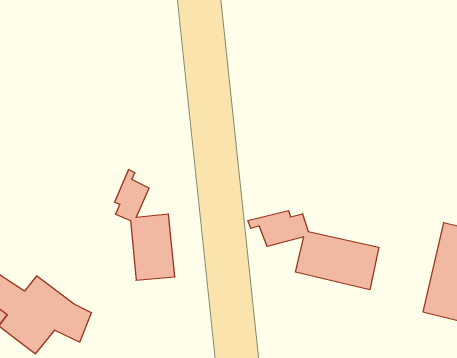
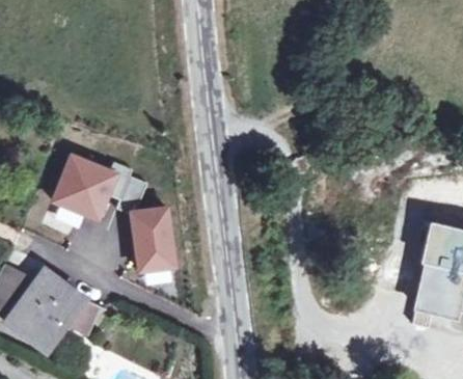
building: none -> [55,156,132,220]
building: [248,211,379,290] -> none

